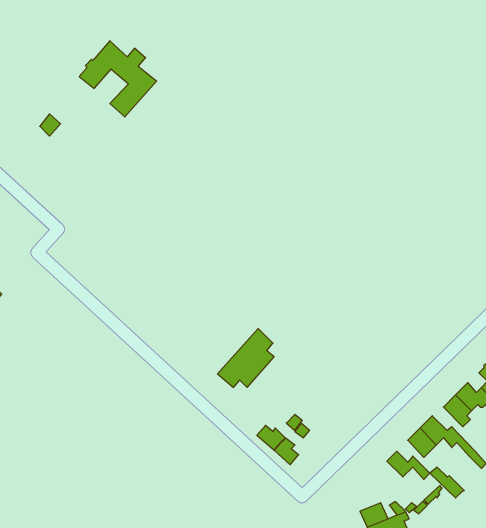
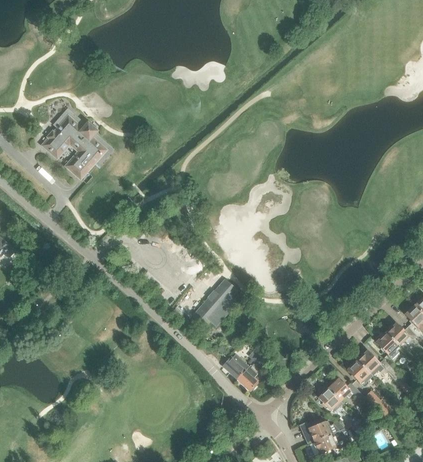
building: [79,41,157,117] -> [42,116,105,178]
building: none -> [316,385,344,412]

